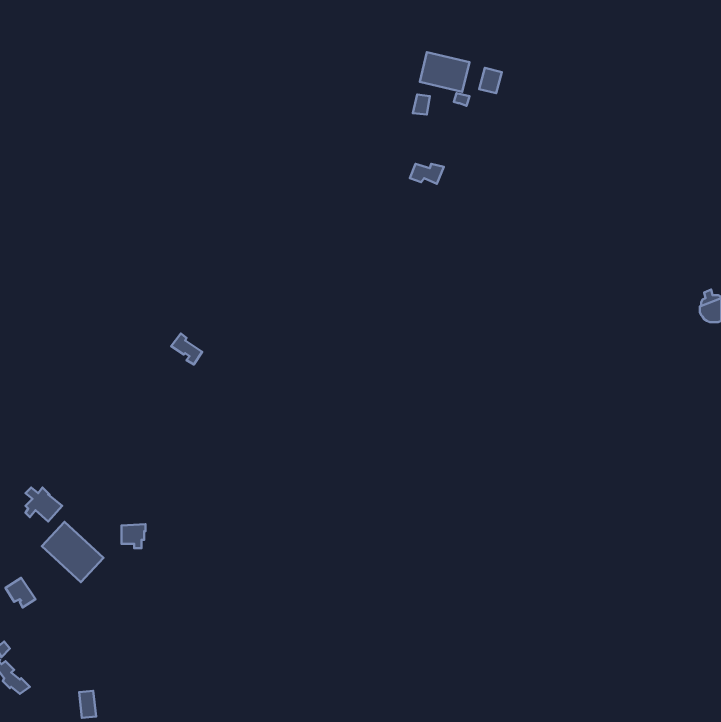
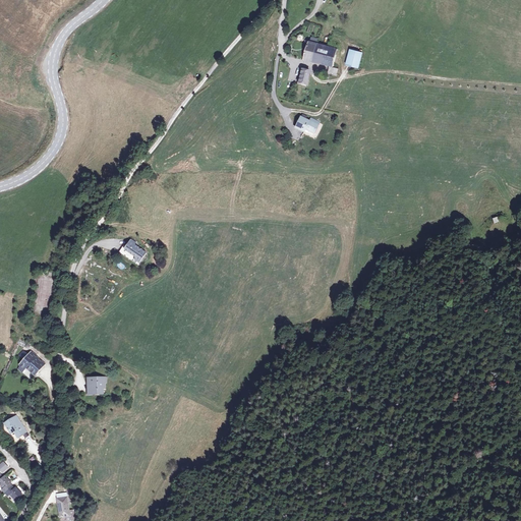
building: [42,522,103,582] -> none

